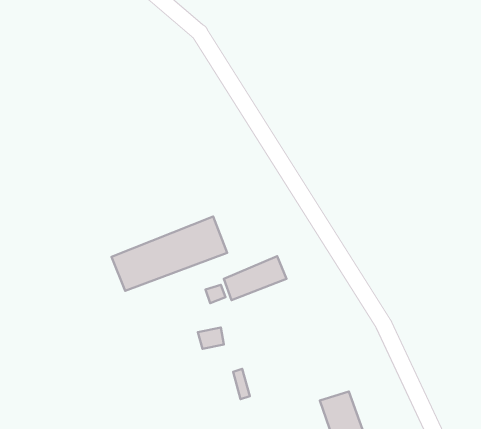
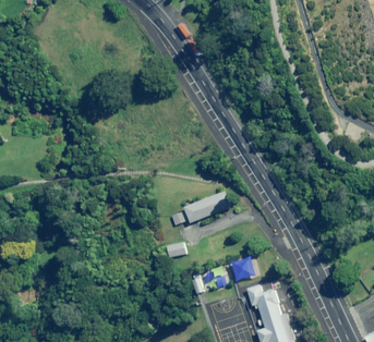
building: [111,216,227,291] -> none

